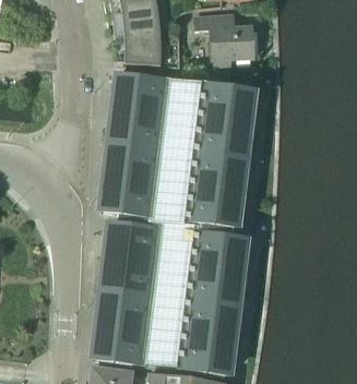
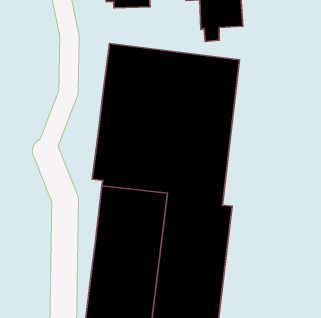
building: [117,35,162,64] -> none

